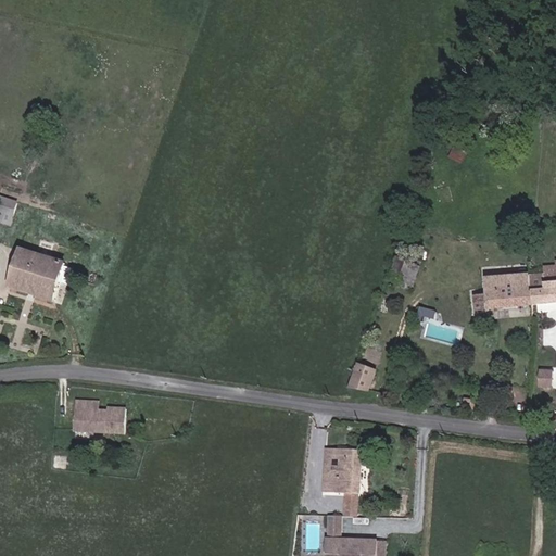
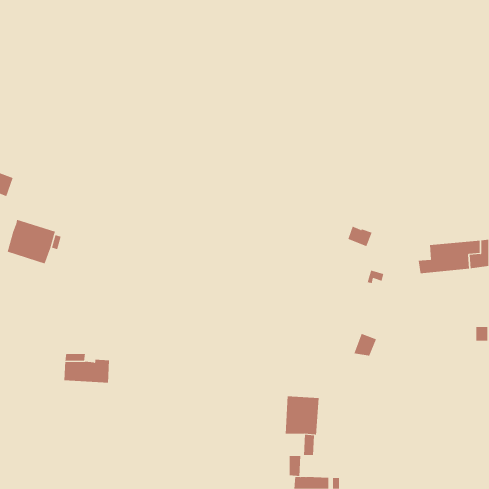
building: [348,363,374,389] -> [354,333,377,356]

